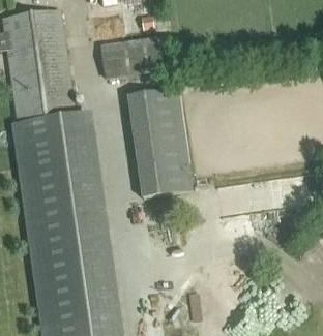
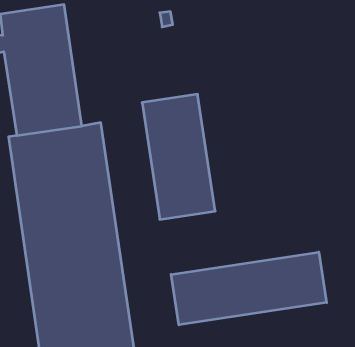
building: [100,33,171,77] -> none
building: none -> [171,252,327,325]

